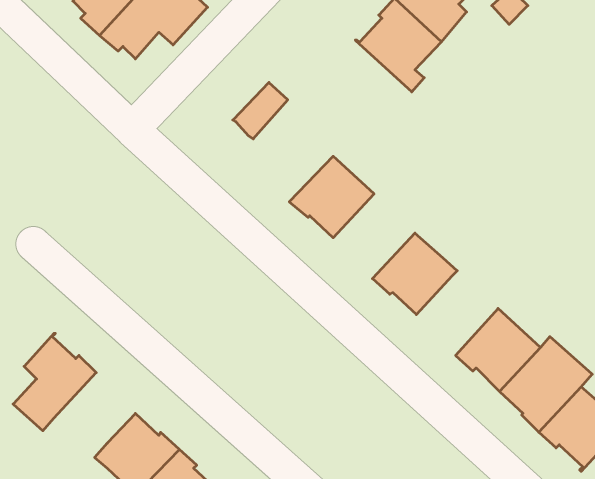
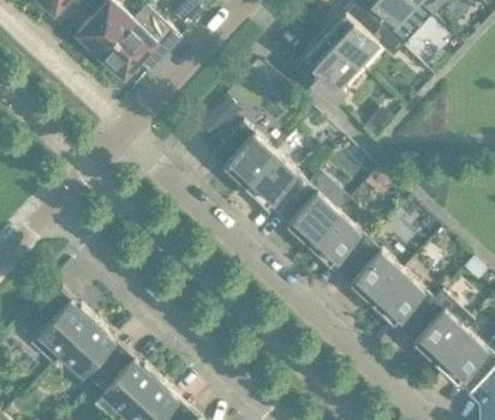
building: none -> [211,125,276,190]
building: none -> [276,184,339,248]
building: none -> [340,246,402,307]
building: none -> [62,320,125,394]

